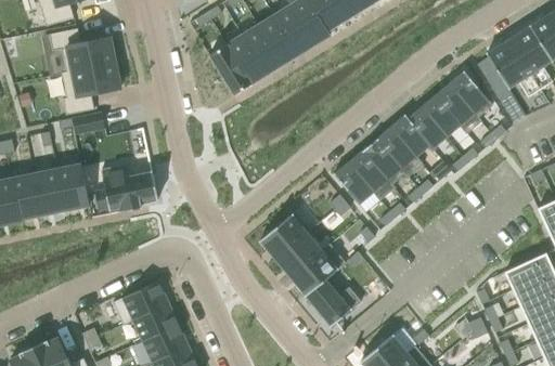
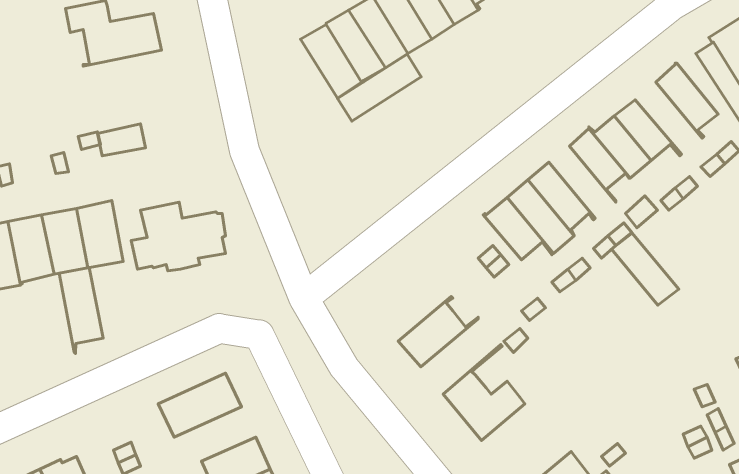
building: [61,63,119,115] -> none
building: none -> [338,54,421,121]
building: [435,84,480,133] -> none
building: [376,128,422,177] -> [611,233,679,305]
building: none -> [59,268,103,353]
building: [258,211,310,260] -> none
building: [289,245,344,296] -> none
building: [122,304,178,341] -> none

